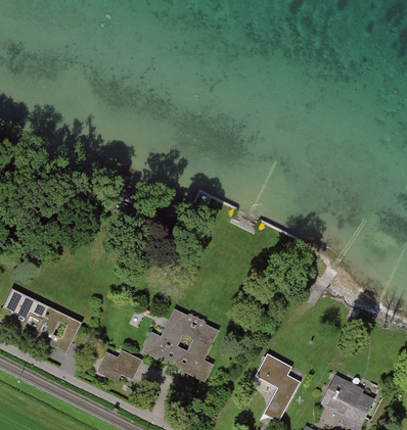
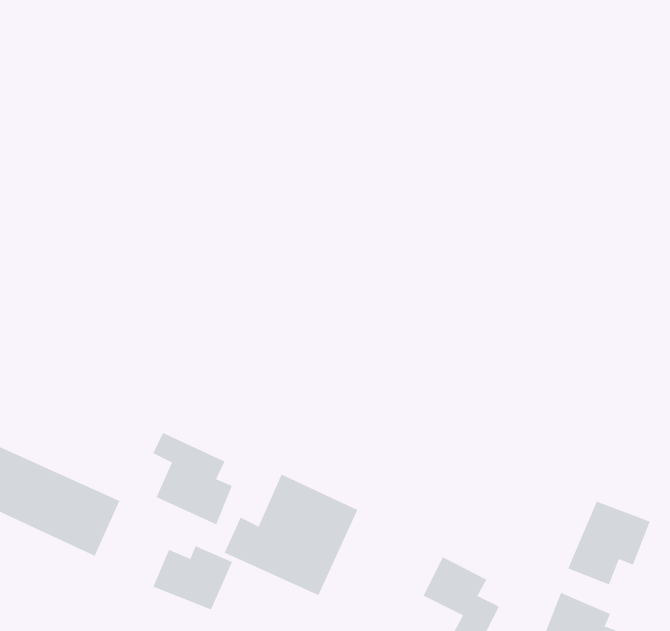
building: none -> [152,432,233,525]
building: none -> [568,501,651,585]

